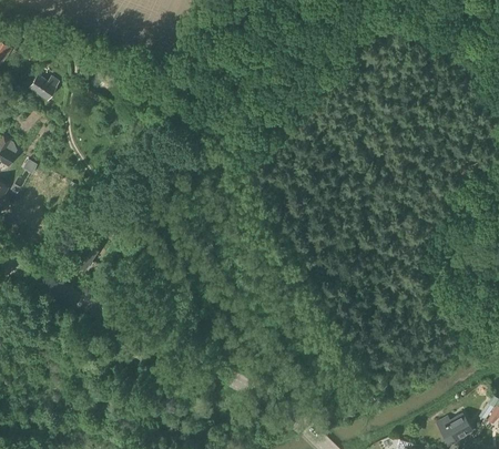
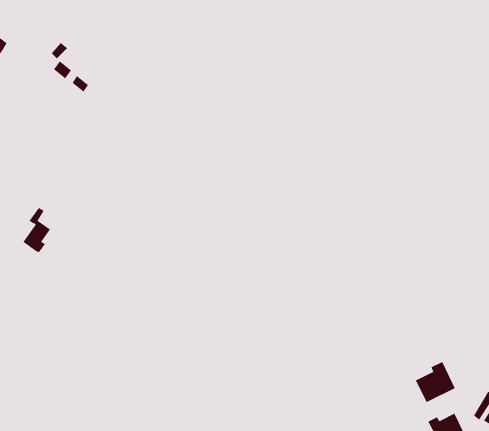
building: none -> [415,361,455,403]

